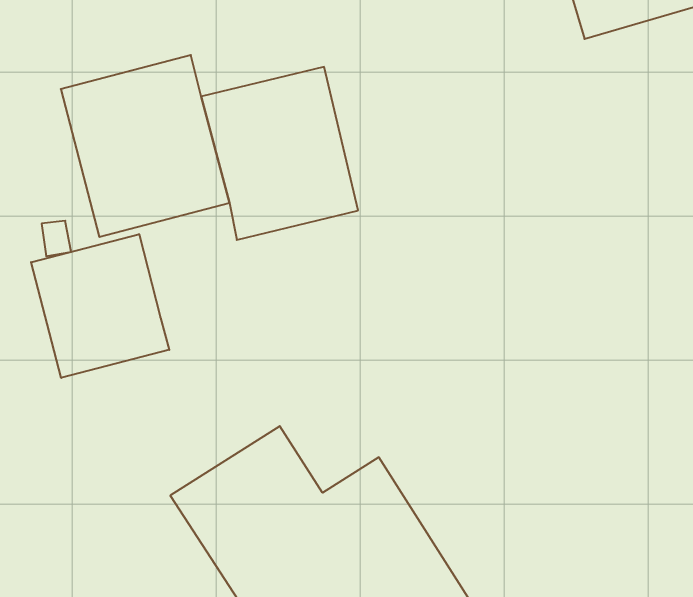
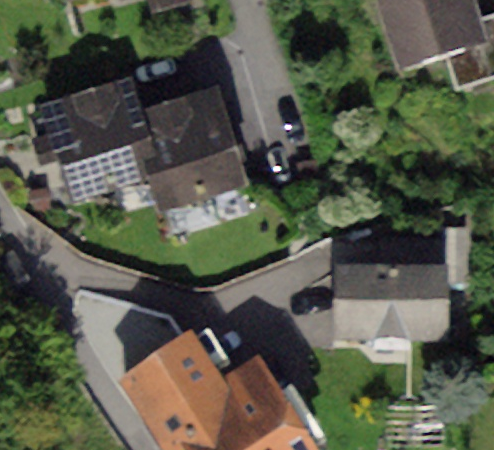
building: [31,234,169,378] -> none
building: none -> [333,265,446,339]

